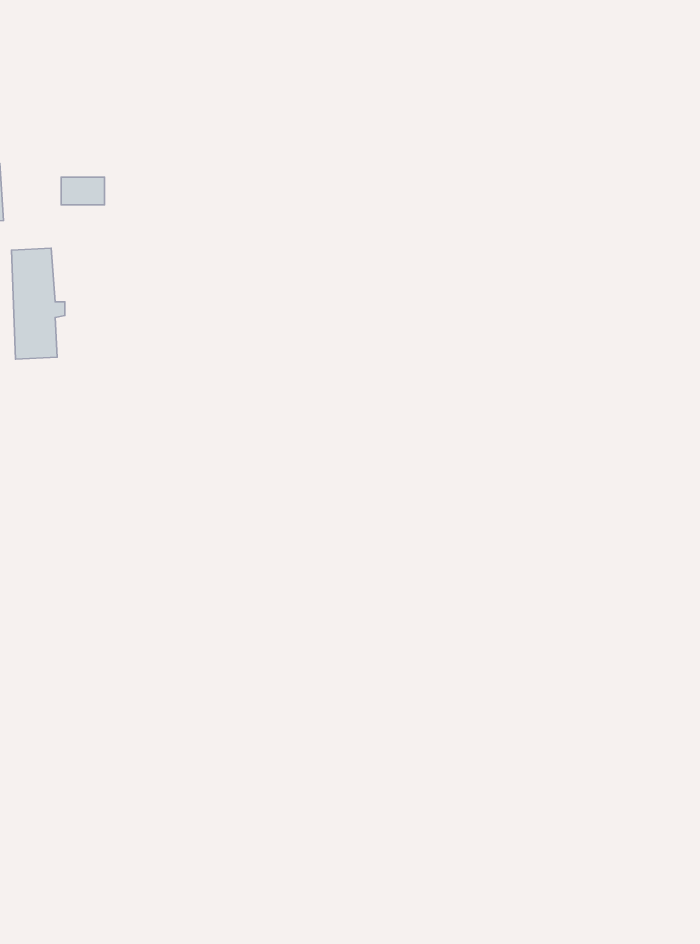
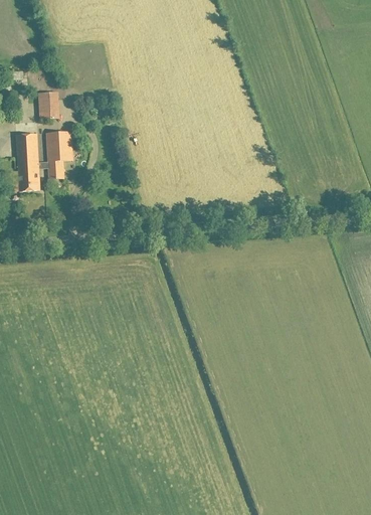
building: none -> [43,132,72,178]

